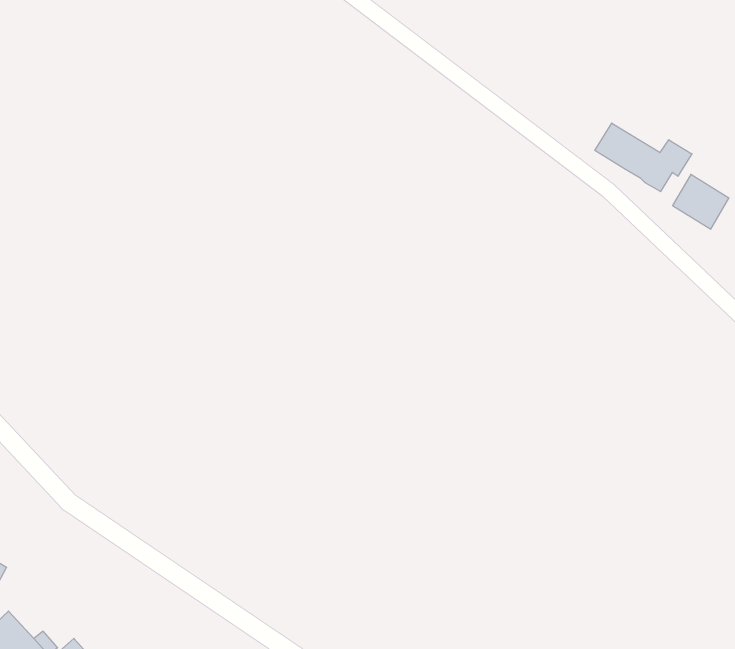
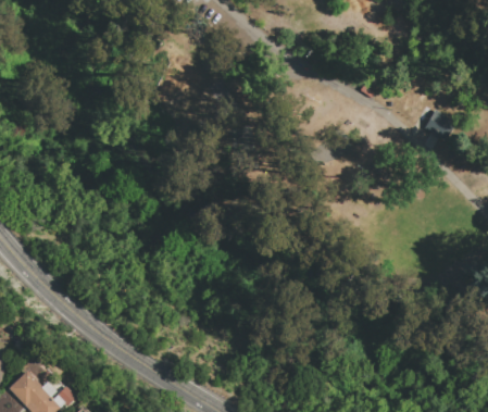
building: [595,123,692,192] -> none

